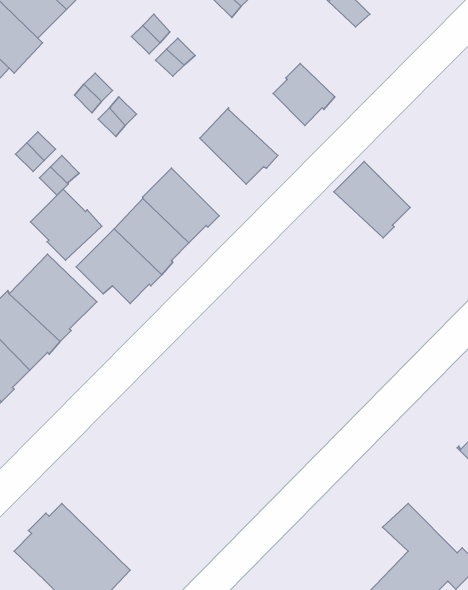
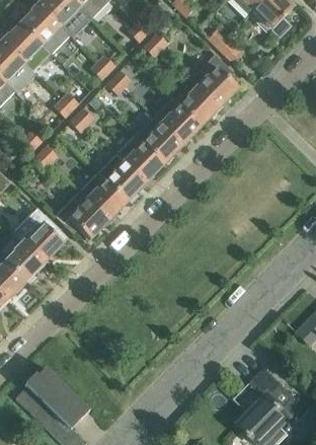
building: none -> [190,53,238,106]
building: none -> [116,134,163,182]
building: [334,162,410,238] -> [152,95,201,144]
building: [30,189,102,260] -> none

